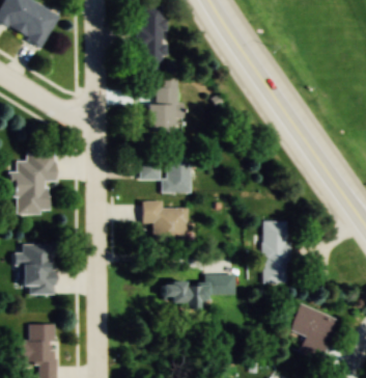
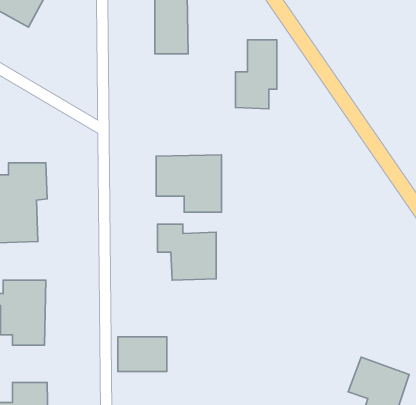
building: [147,79,179,133] -> [236,40,277,109]
building: [263,221,291,284] -> none
building: [206,275,231,292] -> none
building: [161,281,199,308] -> [118,337,167,371]

